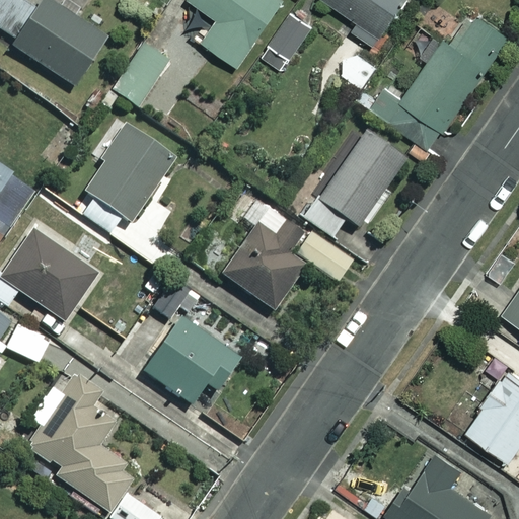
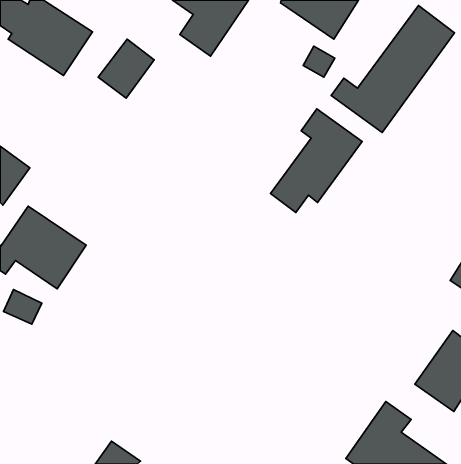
building: [262,13,313,70] -> none
building: [83,127,174,232] -> none
building: [220,206,303,308] -> none
building: [143,316,239,402] -> none
building: [28,385,138,511] -> none

